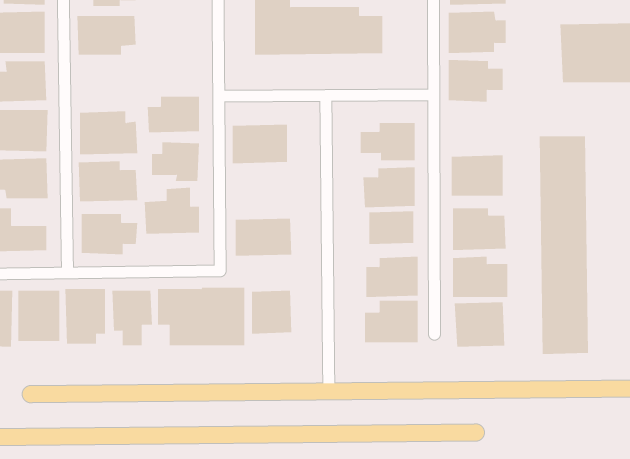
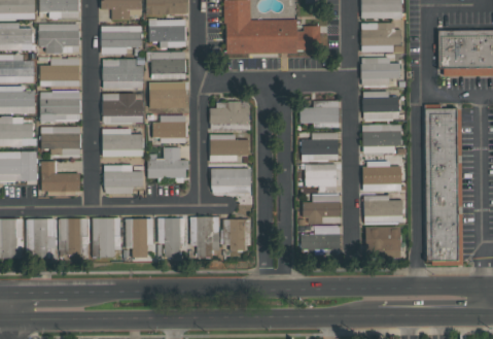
building: none -> [149,20,186,47]
building: none -> [151,52,186,79]
building: none -> [103,59,144,89]
building: none -> [363,91,399,121]
building: none -> [209,134,250,162]

